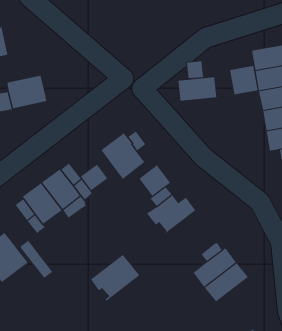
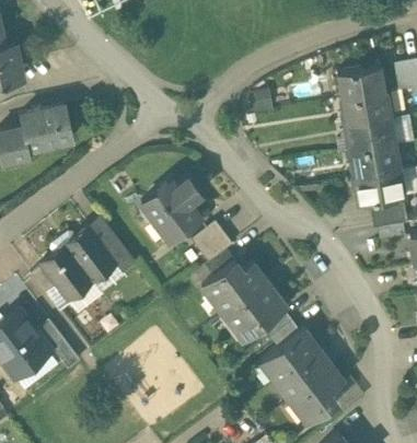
building: [229,65,258,95] -> none
building: [178,77,217,102] -> none
building: [80,164,108,191] -> none
building: [90,254,140,301] -> [222,281,287,342]
building: none -> [290,368,343,424]

